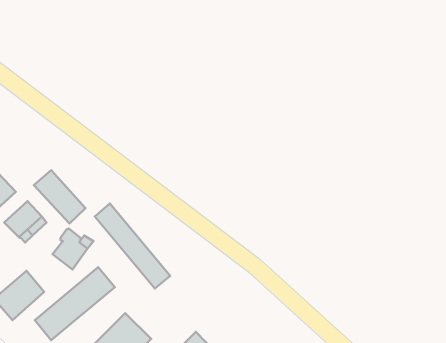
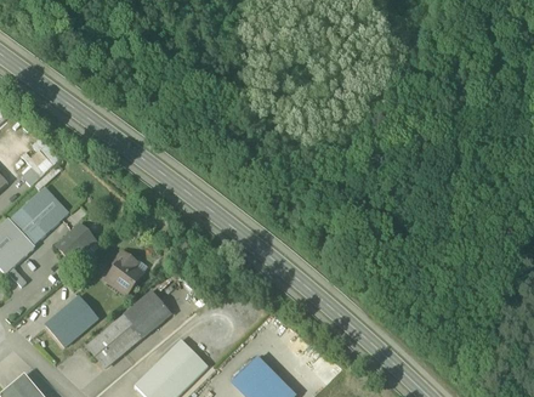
building: [34,170,85,224] -> none
building: [95,204,170,289] -> none

